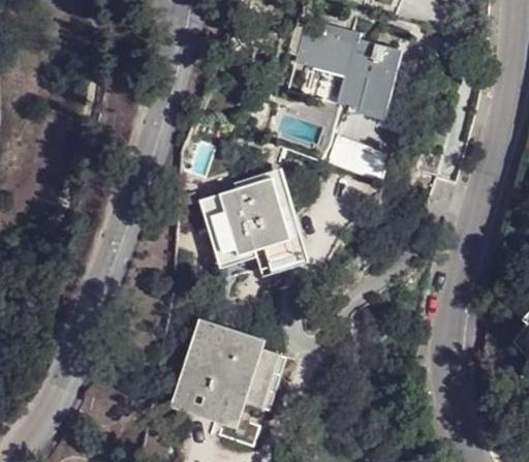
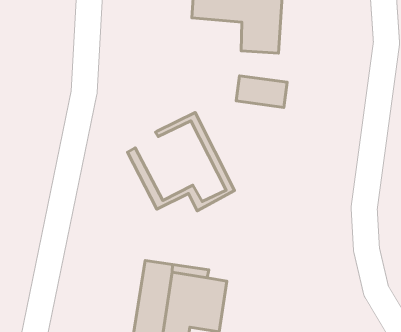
building: [209,176,300,266] -> none

